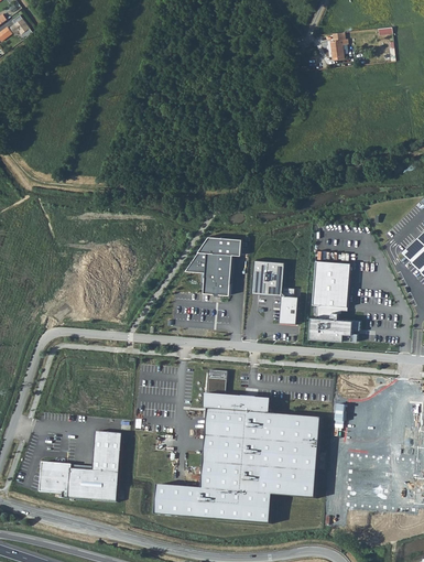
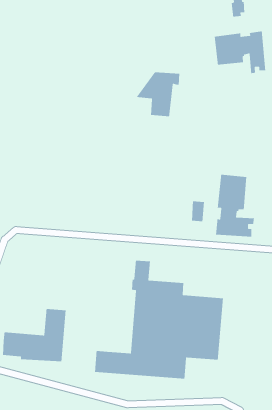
building: none -> [214,31,266,74]
building: [185,236,242,294] -> [136,72,180,117]
building: [250,258,282,292] -> none

